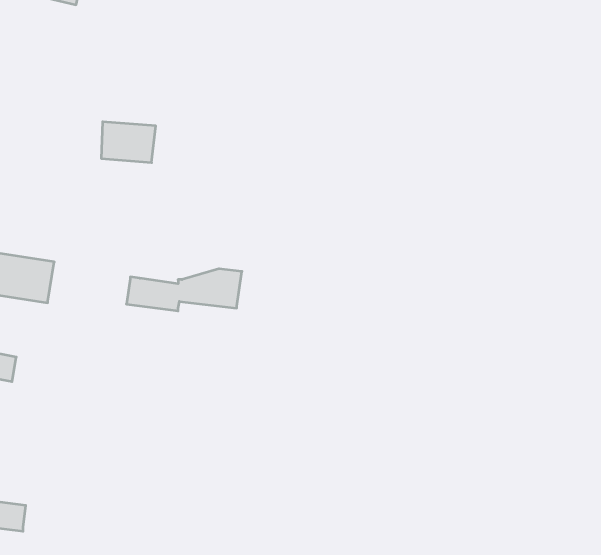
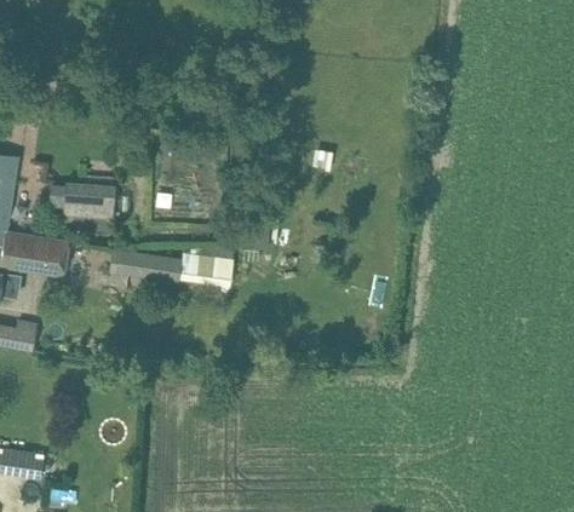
building: [101,122,156,163] -> [63,183,111,219]

